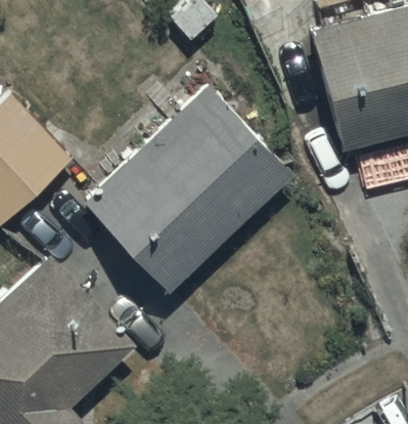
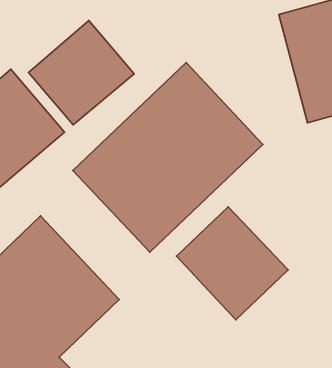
building: none -> [28,20,134,125]
building: none -> [176,207,288,320]

